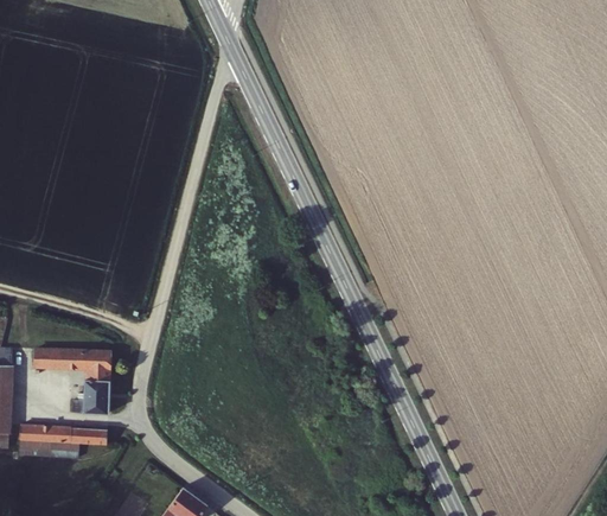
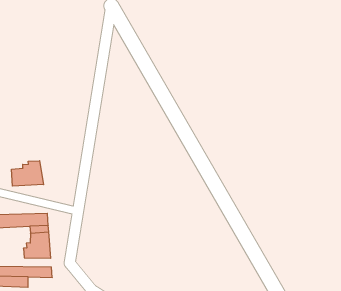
building: none -> [12,161,44,186]

